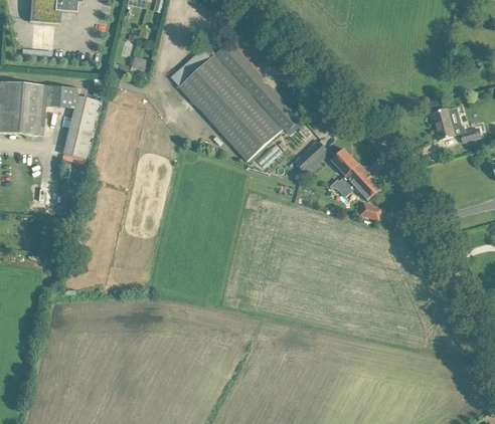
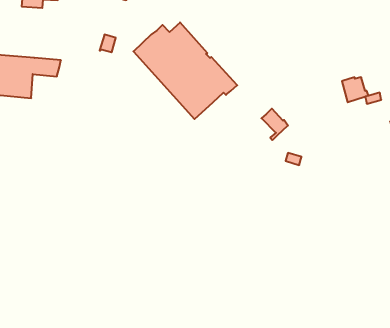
building: [63,96,101,161] -> none
building: [295,140,330,175] -> none
building: [350,170,380,200] -> none

